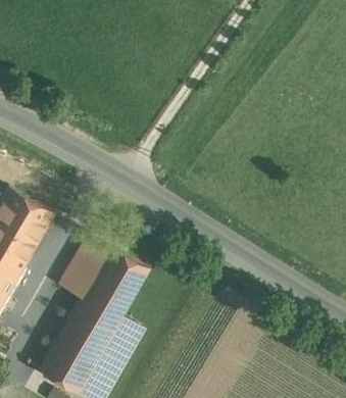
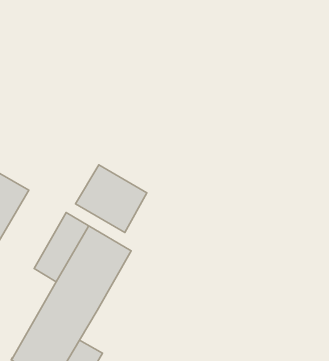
building: none -> [76,165,147,233]
building: [101,325,138,364] -> none

